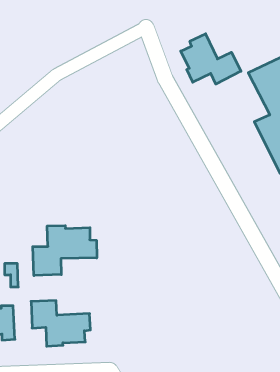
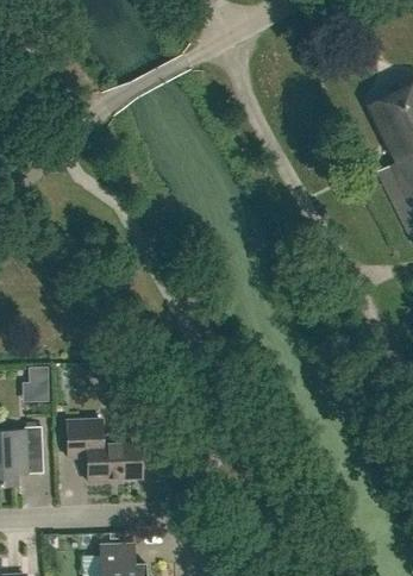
building: [181,34,241,84] -> none
building: [33,226,97,276] -> none

